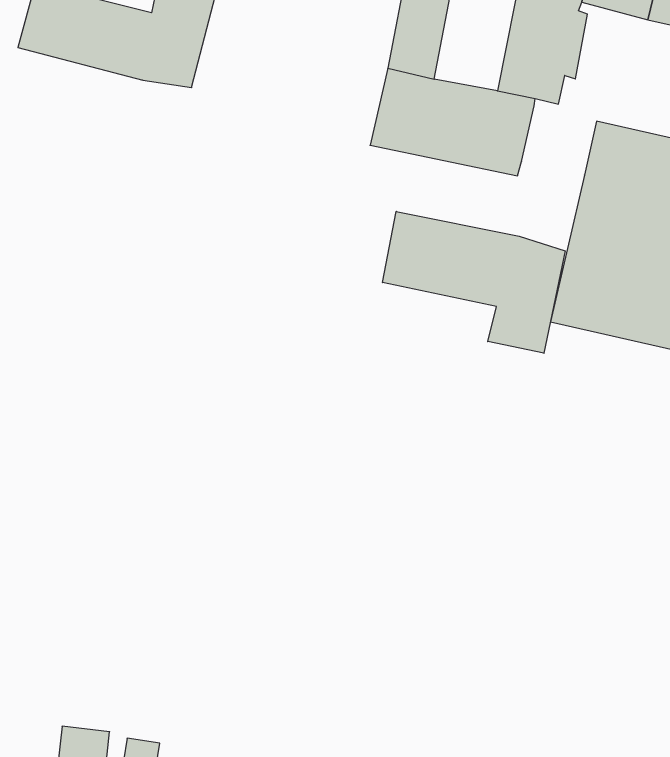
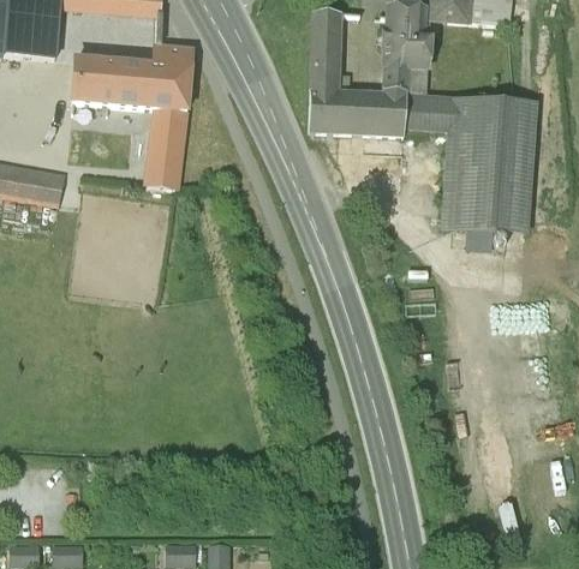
building: none -> [144,113,185,190]
building: none -> [406,90,450,130]
building: [383,211,565,353] -> none

